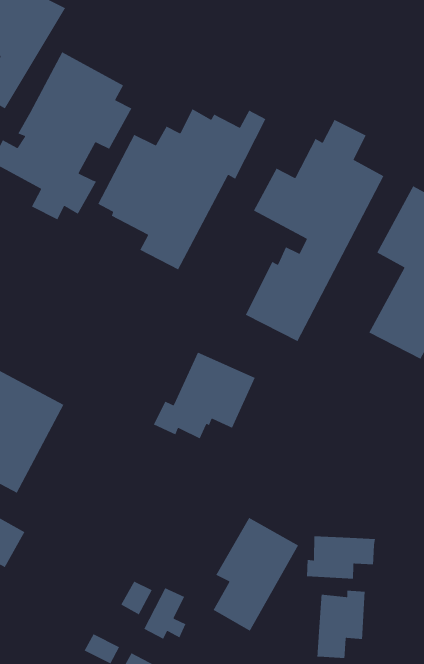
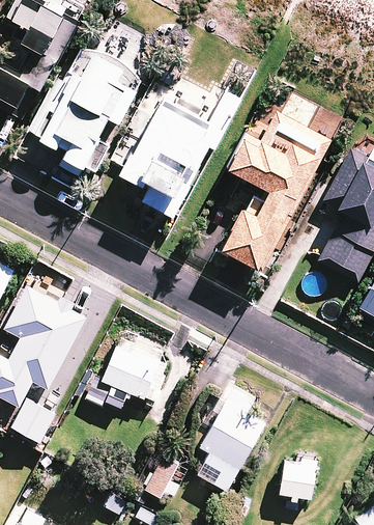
building: [153,352,256,440] -> [85,342,164,410]
building: [306,536,376,579] -> none

